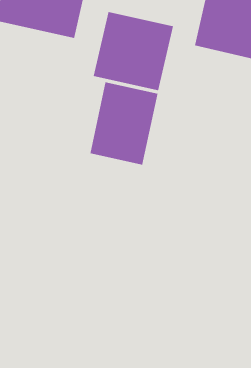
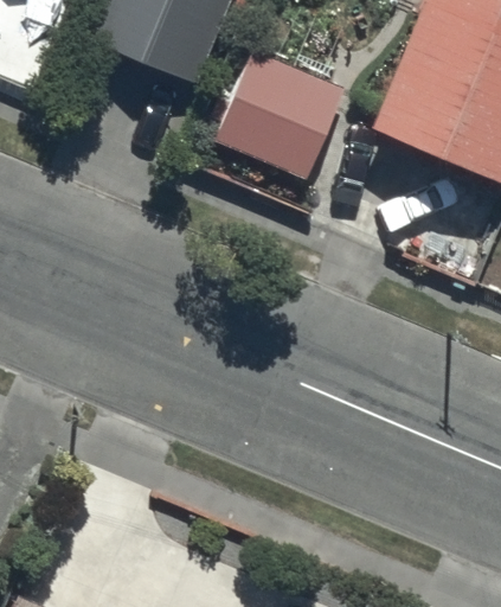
building: [90,81,158,166] -> none

